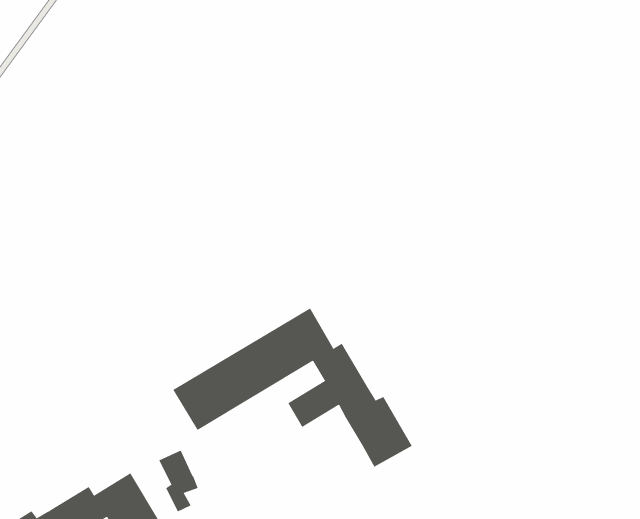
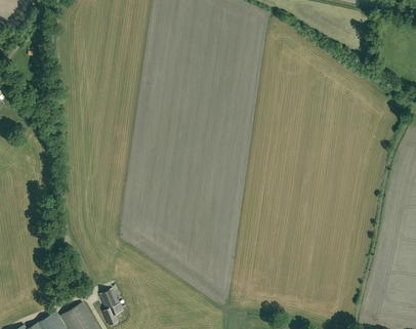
building: [173,307,412,467] -> none

